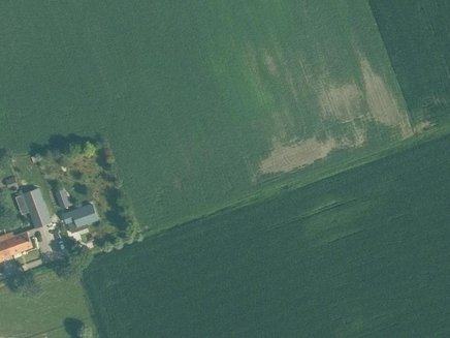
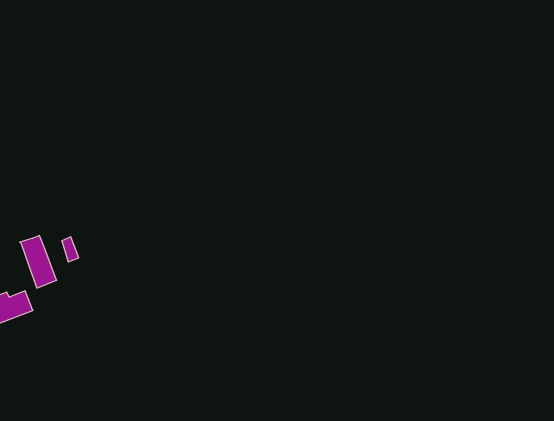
building: [63,205,96,225] -> none

